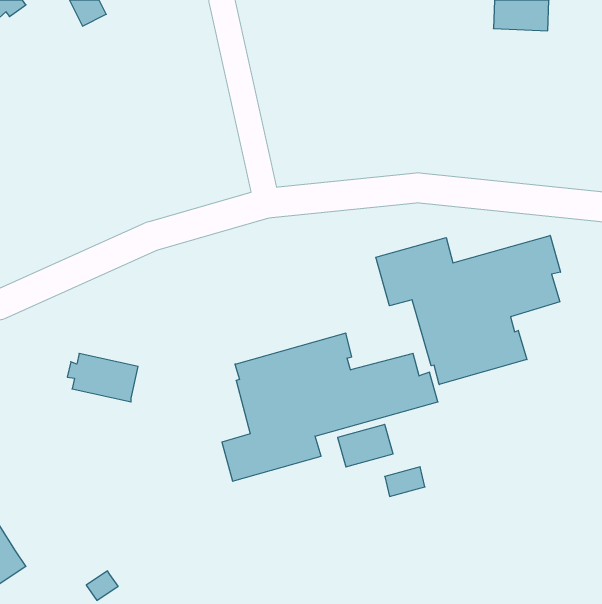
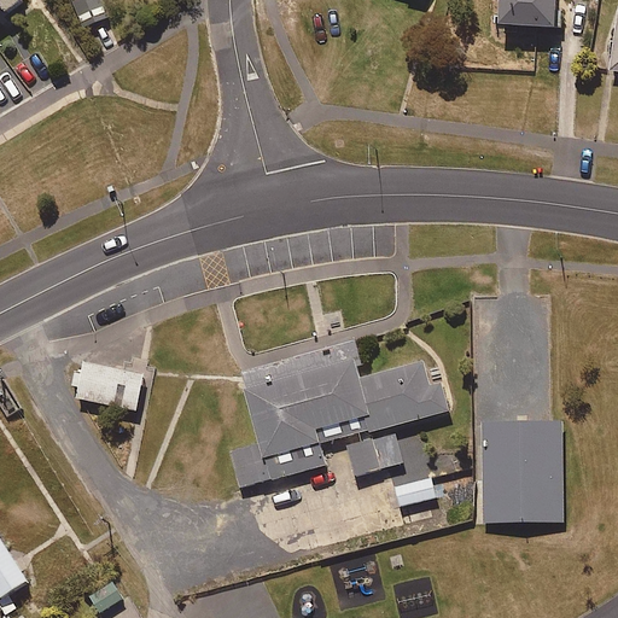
building: [376,235,560,385] -> none
building: none -> [480,419,562,506]

